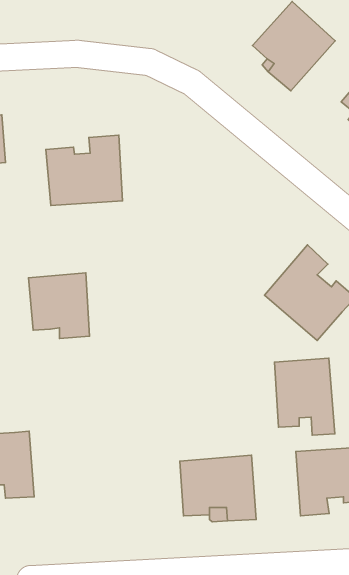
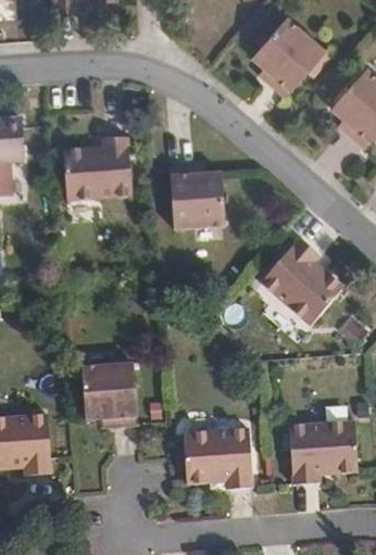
building: none -> [168,165,225,228]
building: [29,273,89,339] -> [84,367,139,427]
building: [274,358,335,435] -> none

